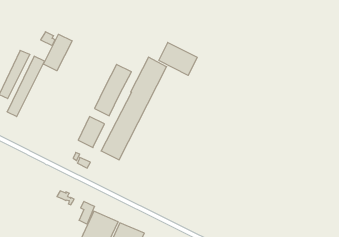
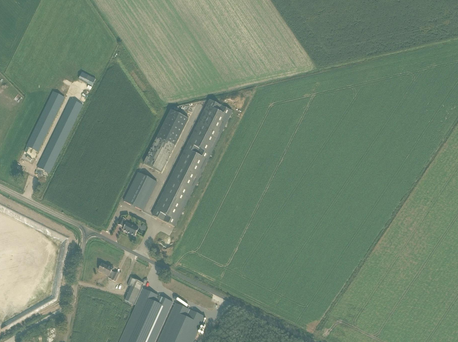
building: [43,34,72,71] -> none
building: [159,42,197,75] -> none

